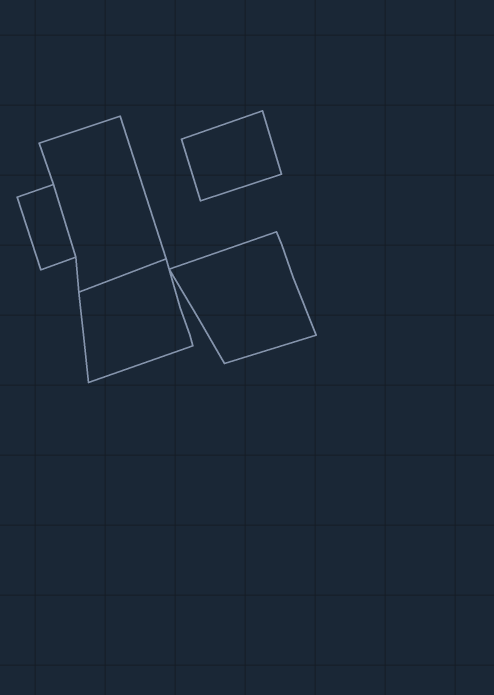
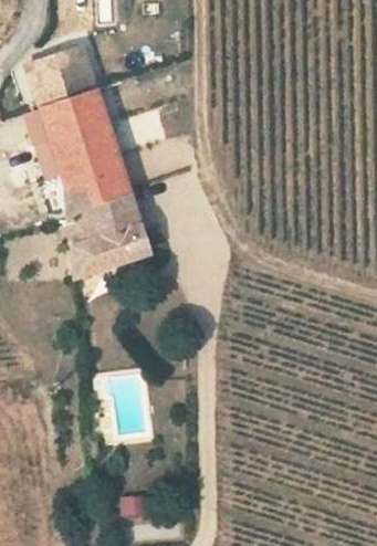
building: [182,111,281,201] -> [29,45,98,108]
building: [169,232,316,363] -> none

